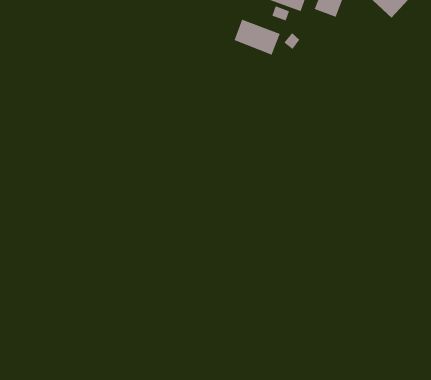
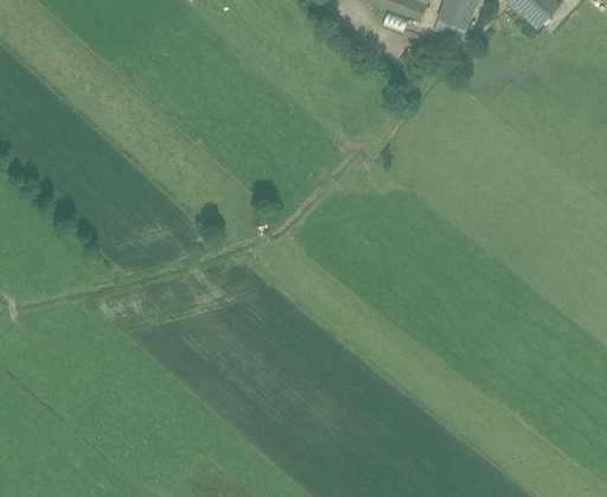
building: [234,19,281,55] -> none

